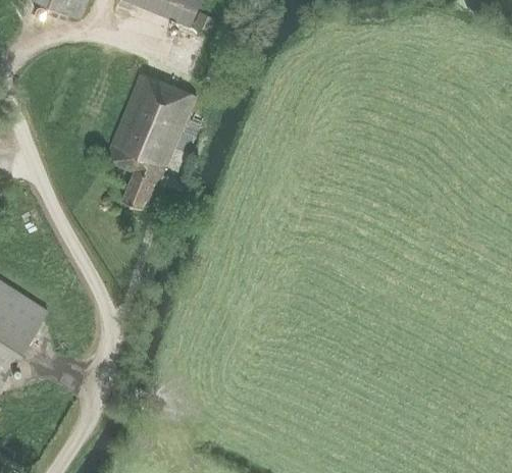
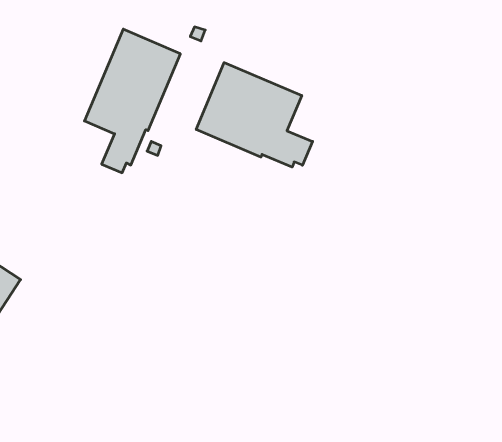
building: none -> [196,63,313,167]

